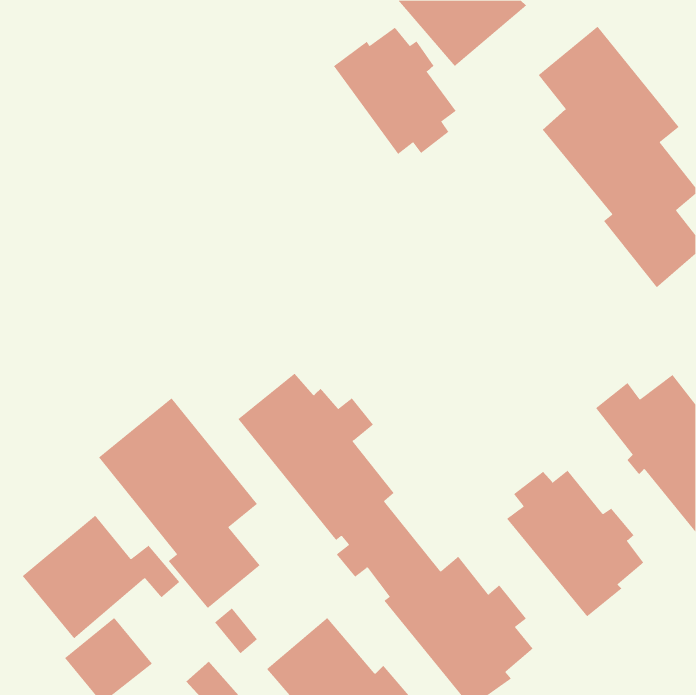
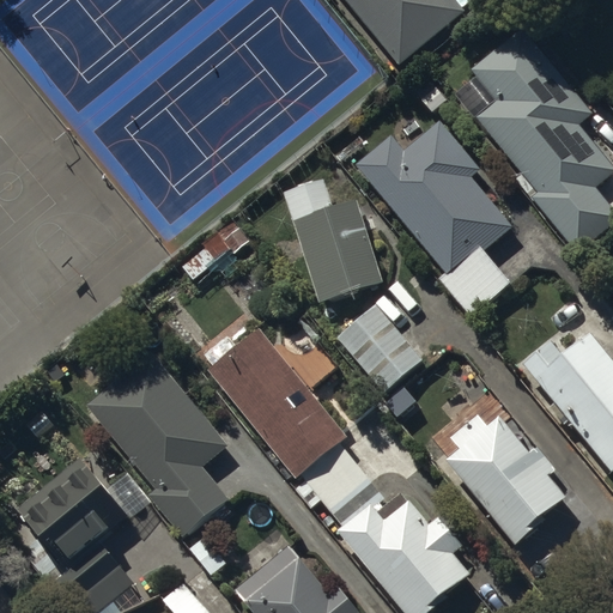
building: [333,27,456,155] -> none
building: none -> [354,121,511,315]
building: none -> [280,177,382,303]
building: none -> [333,302,421,394]

